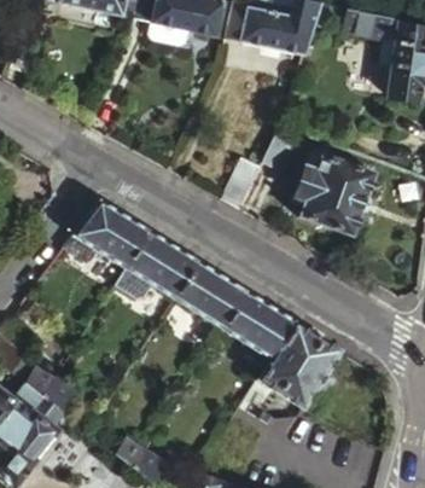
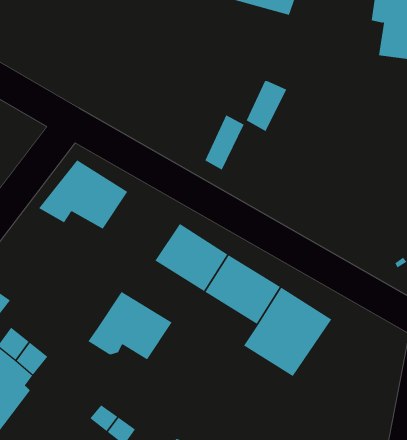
building: [292,156,375,239] -> none
building: [116,232,198,298] -> [87,291,173,360]

